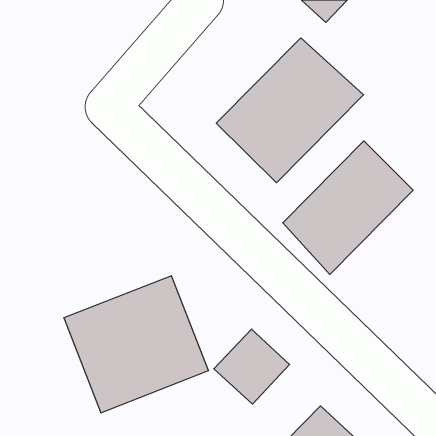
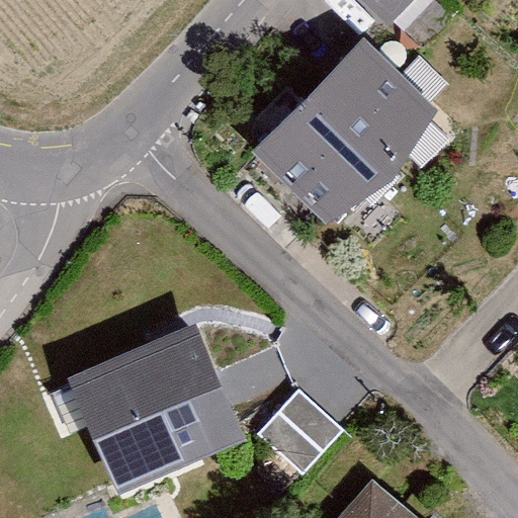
building: [283,141,413,274] -> none

